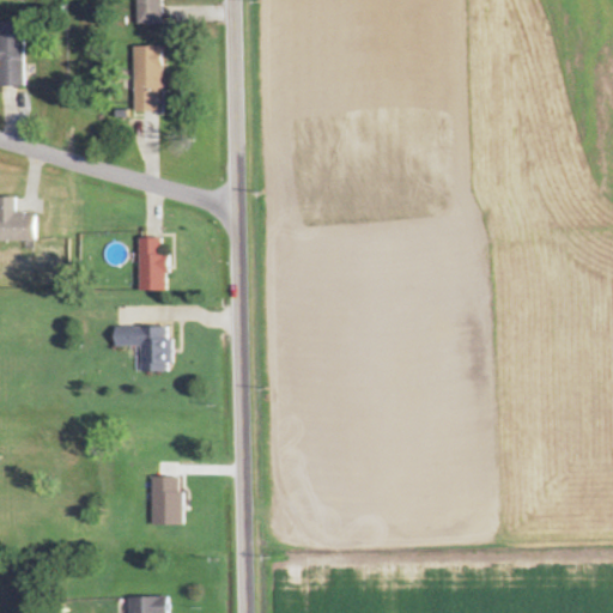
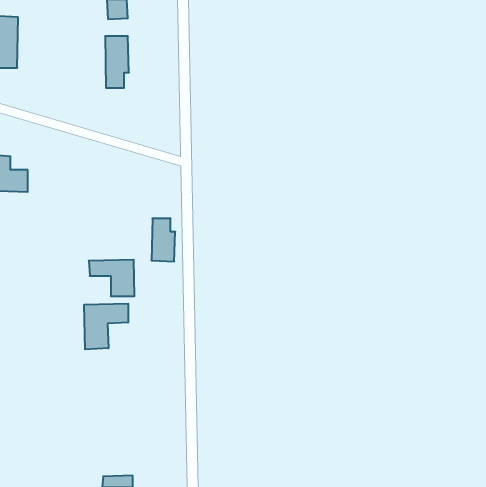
building: [136,237,166,291] -> [151,218,175,261]
building: none -> [84,304,128,349]
building: [148,477,182,524] -> none

